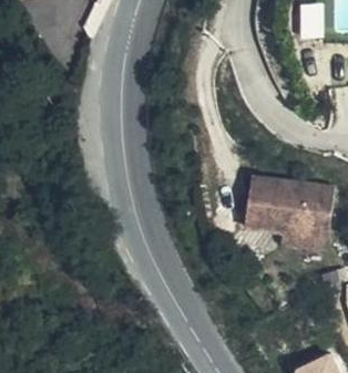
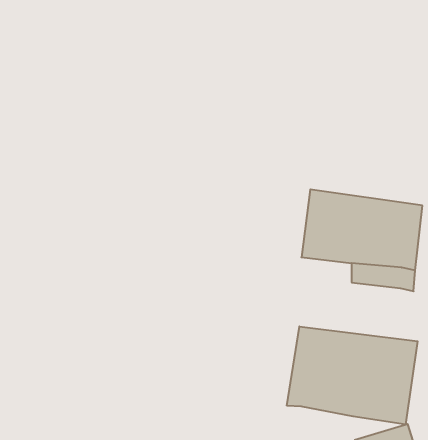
building: none -> [287,326,418,425]

